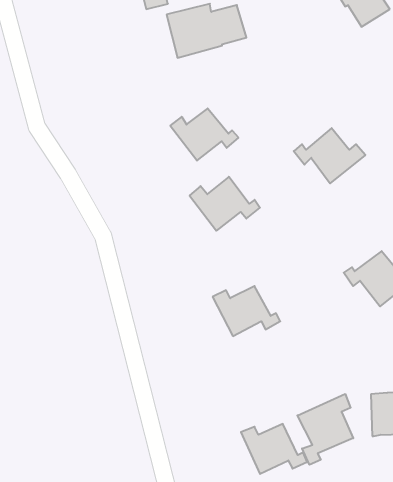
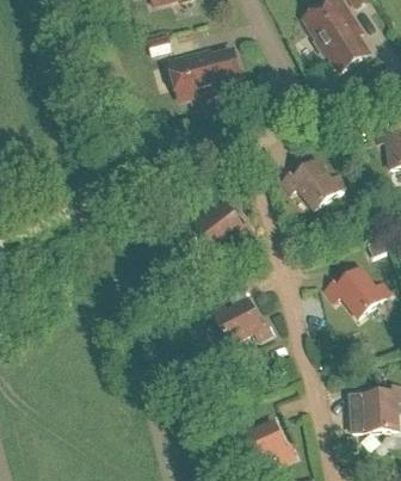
building: [170,108,238,161] -> none
building: [297,394,353,465] -> none

